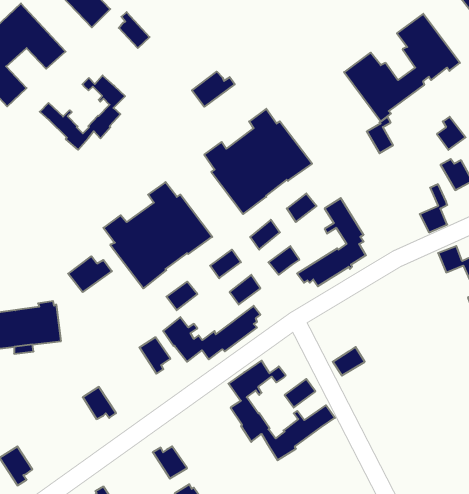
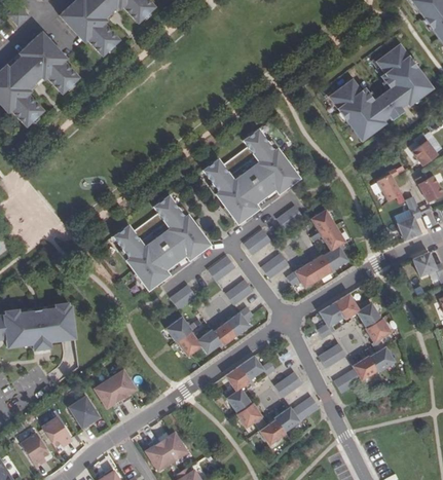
building: [119,12,150,48] -> none
building: [192,72,235,107] -> none
building: [40,75,125,150] -> none
building: [367,117,393,153] -> [377,169,401,201]
building: [68,256,112,292] -> none
building: none -> [318,294,395,394]
building: [139,337,170,374] -> [109,370,137,403]
building: none -> [70,396,100,432]
building: none -> [41,416,73,447]
building: none -> [146,438,173,471]

